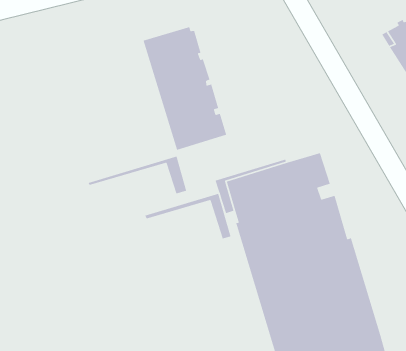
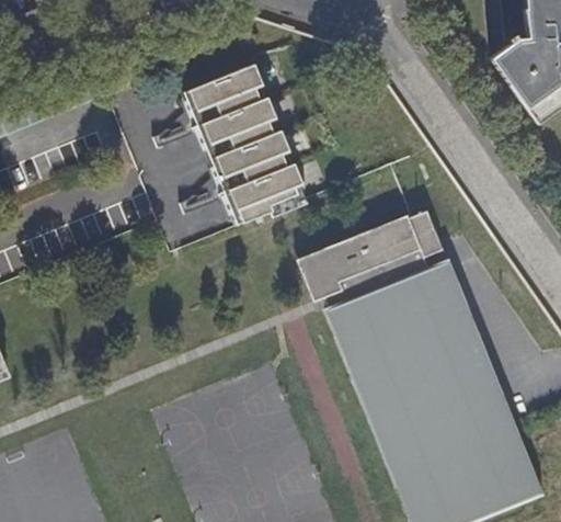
building: [88,155,187,194] -> none
building: [144,193,231,240] -> none

